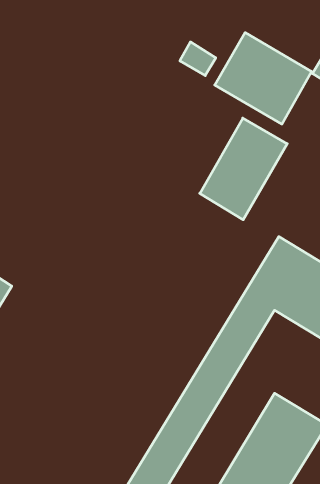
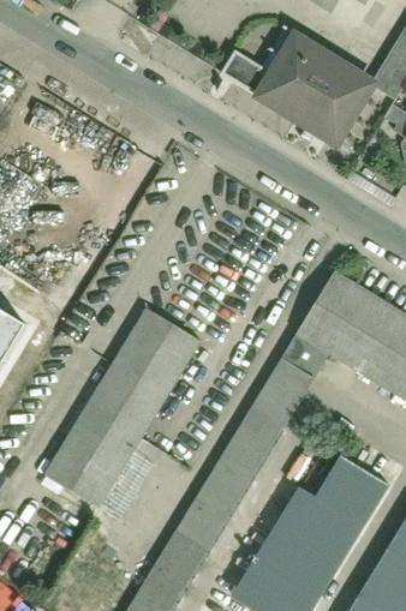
building: [200,118,287,220] -> none
building: none -> [48,317,207,516]

